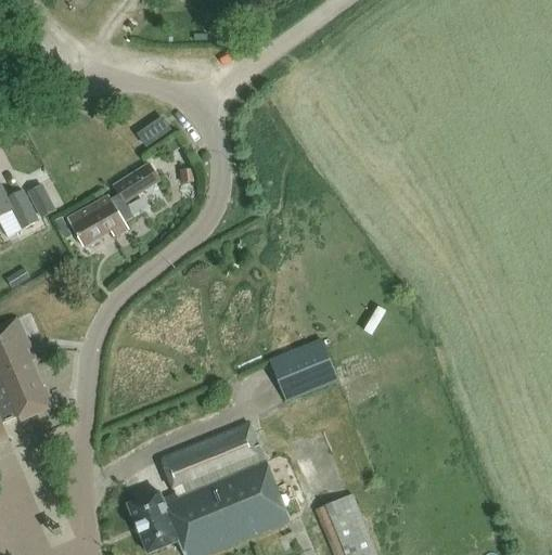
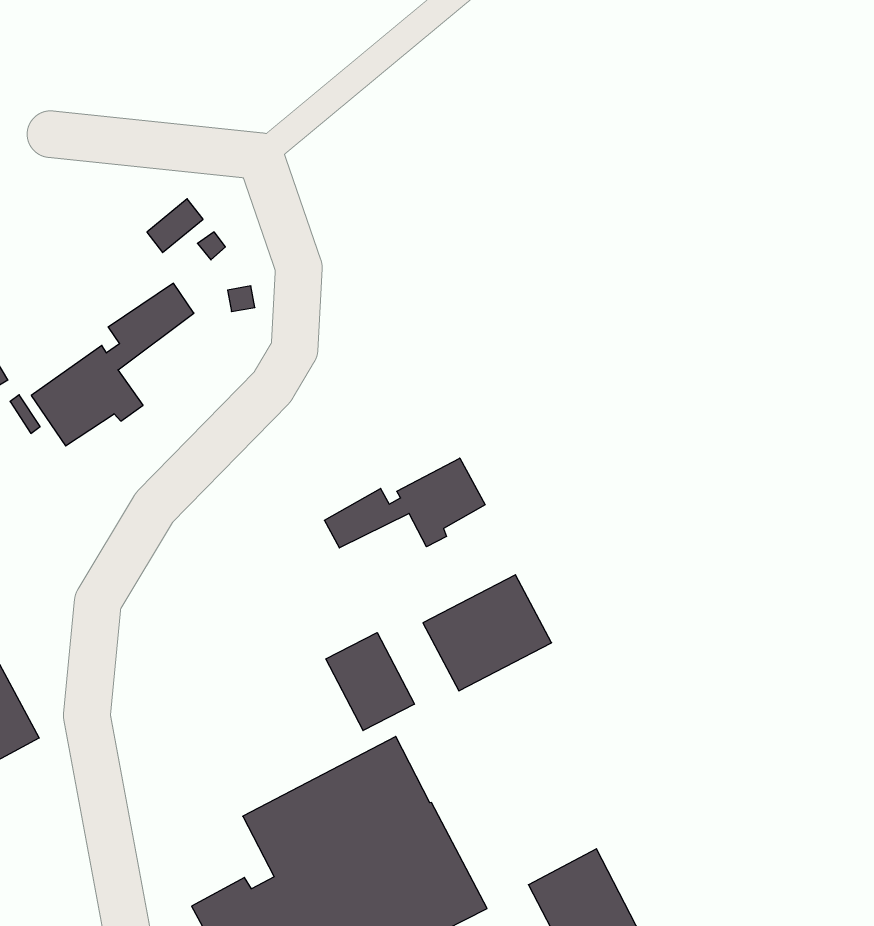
building: none -> [324,458,485,548]
building: none -> [326,633,414,731]

